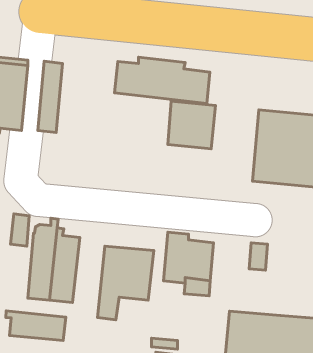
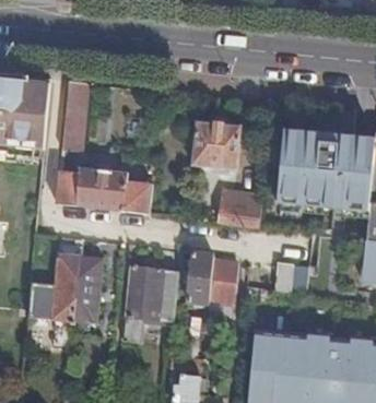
building: [115,57,210,104] -> [56,166,152,213]
building: none -> [220,190,261,226]
building: [6,311,66,341] -> none

